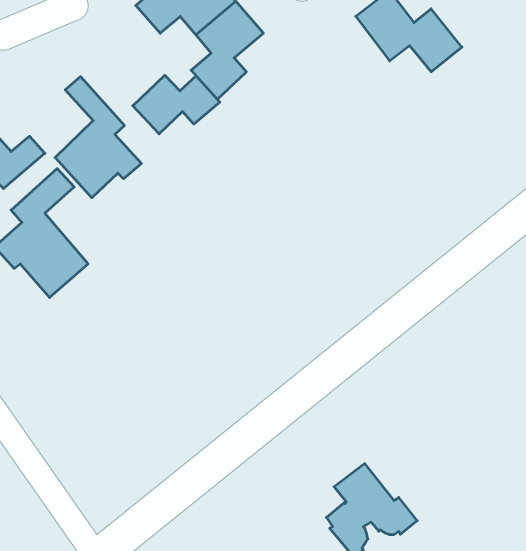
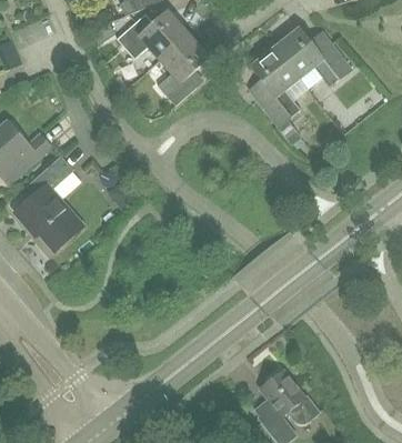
building: none -> [251,46,302,144]
building: [133,75,220,134] -> none
building: [55,77,141,198] -> none

